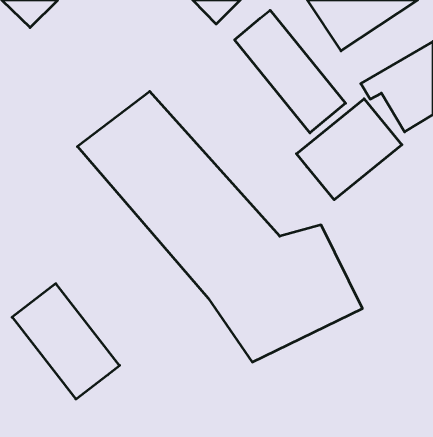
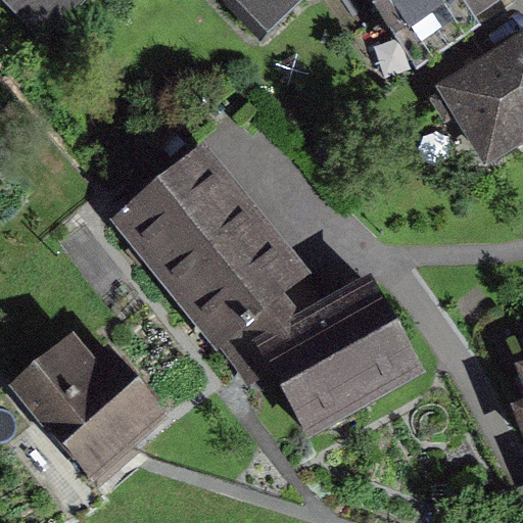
building: [235,10,346,133] -> none
building: [296,99,402,200] -> none

